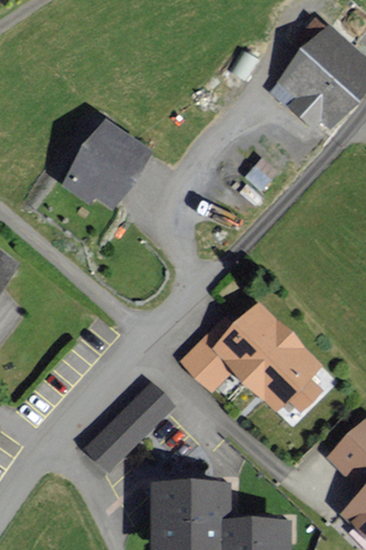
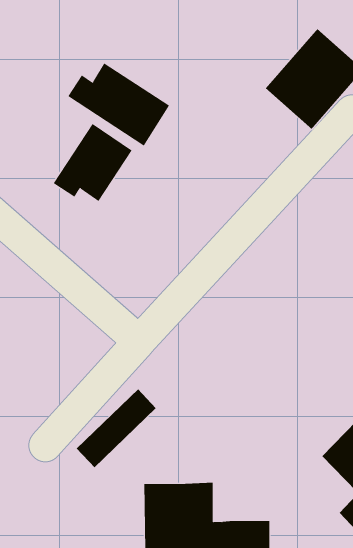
building: none -> [67,62,170,147]
building: [184,306,317,409] -> none

